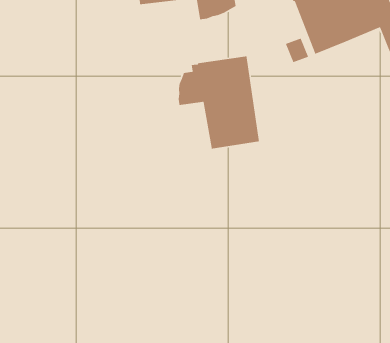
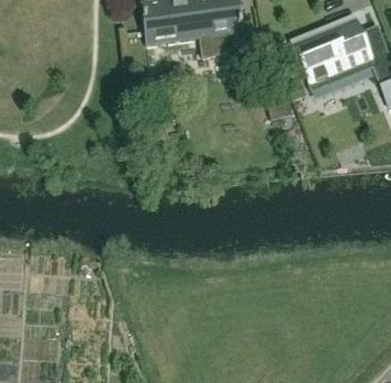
building: [178,56,260,150] -> none

